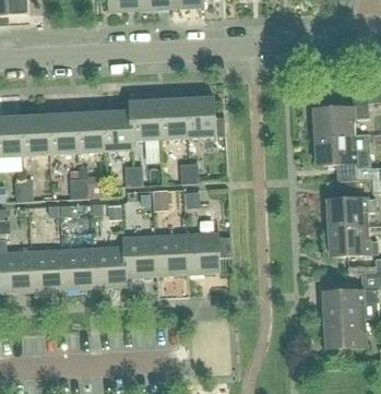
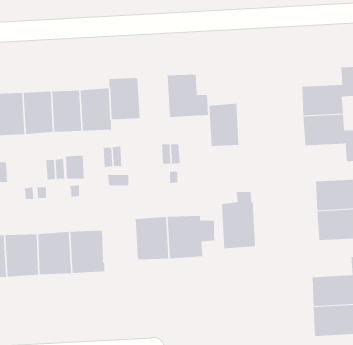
building: [158,98,188,140] -> [208,103,239,146]
building: none -> [221,191,255,249]
building: [123,236,157,277] -> none

